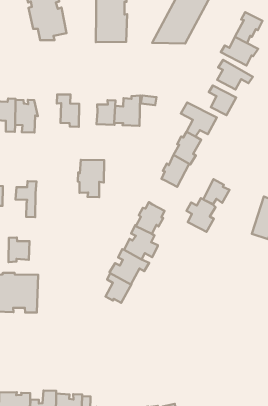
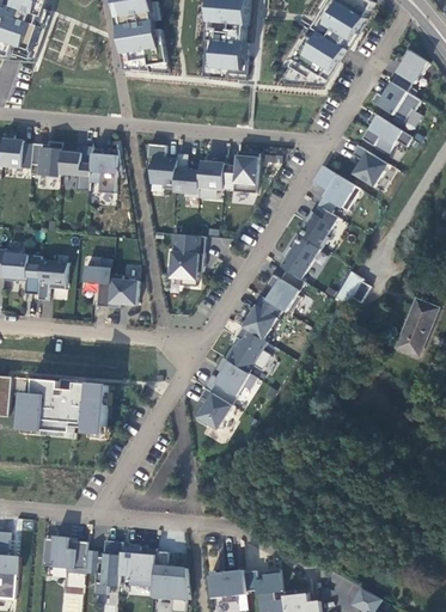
building: none -> [173,153,200,196]
building: [186,198,216,232] -> [264,268,304,313]
building: [9,237,30,262] -> [108,274,138,306]

